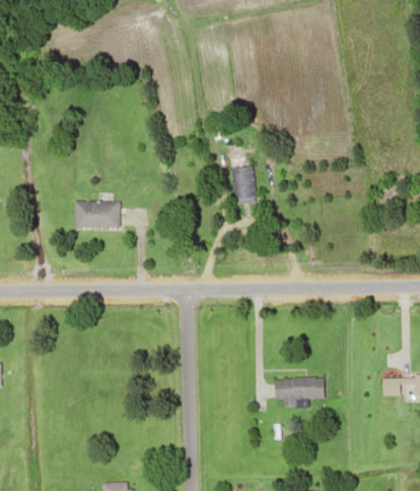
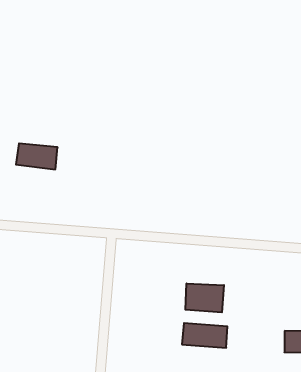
building: [232,165,257,202] -> none
building: none -> [185,283,224,312]

